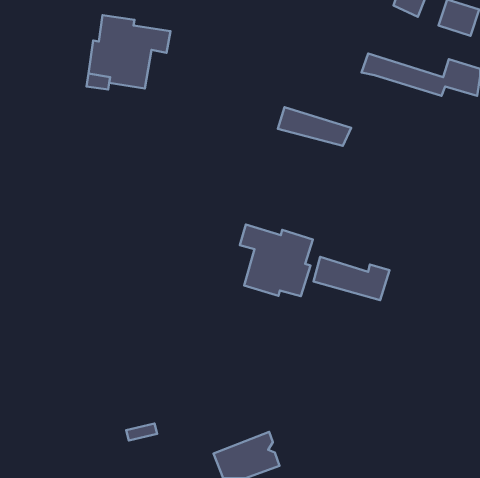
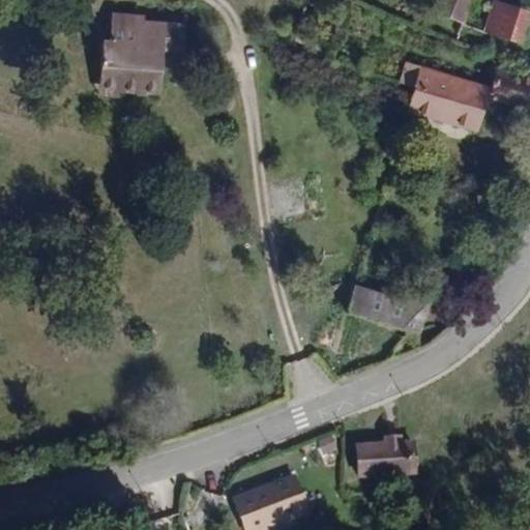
building: [278,107,351,146] -> [405,83,485,125]
building: [240,225,313,296] -> none
building: none -> [358,440,417,474]

